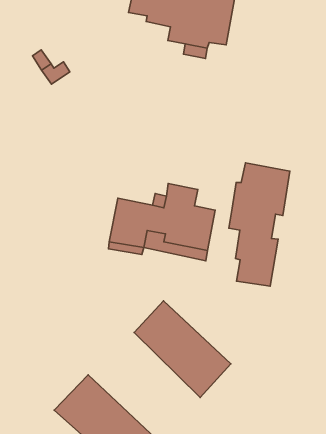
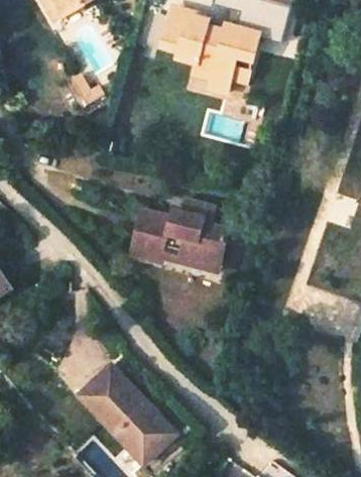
building: [229,163,290,286] -> none
building: [134,301,231,398] -> none

